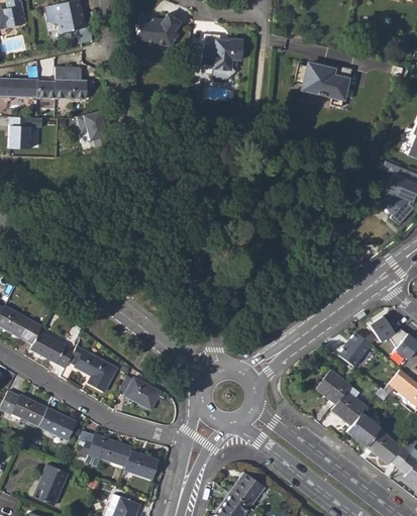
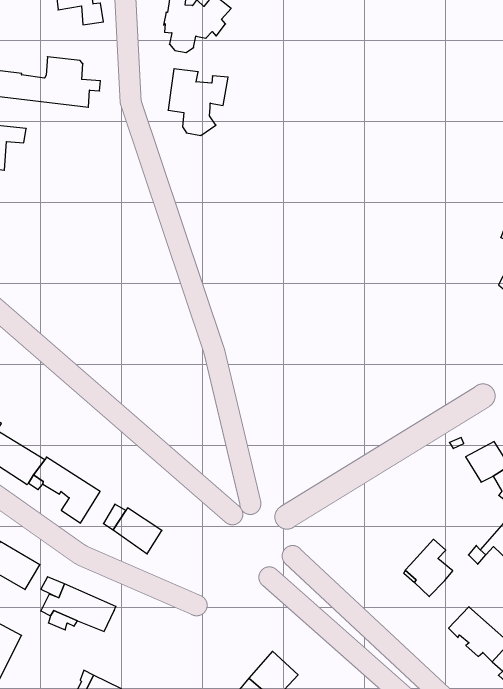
building: [203,32,243,78] -> [168,69,228,135]
building: [299,62,356,106] -> none
building: [75,110,107,139] -> none
building: [337,331,372,366] -> none
building: [316,369,351,403] -> none
building: [348,412,382,445] -> none
building: [124,450,160,480] -> none

